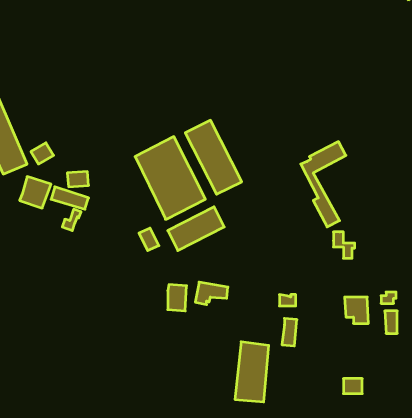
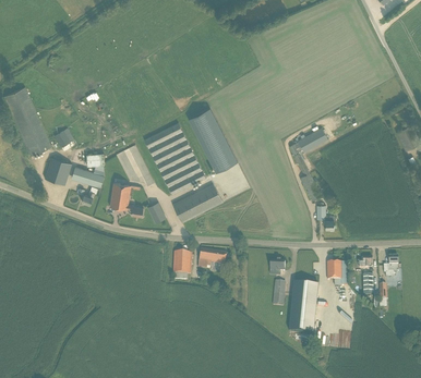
building: none -> [109,182,143,216]
building: [235,342,269,402] -> [288,281,317,333]

